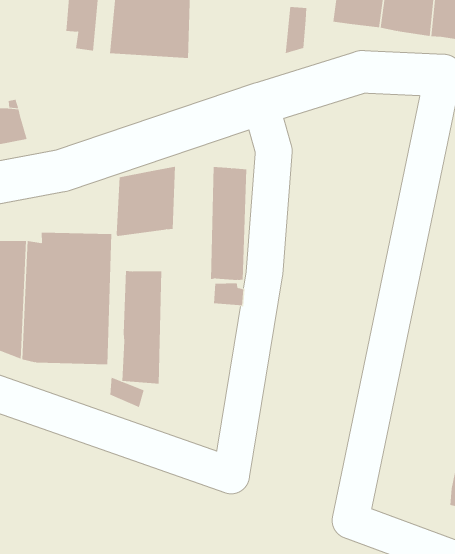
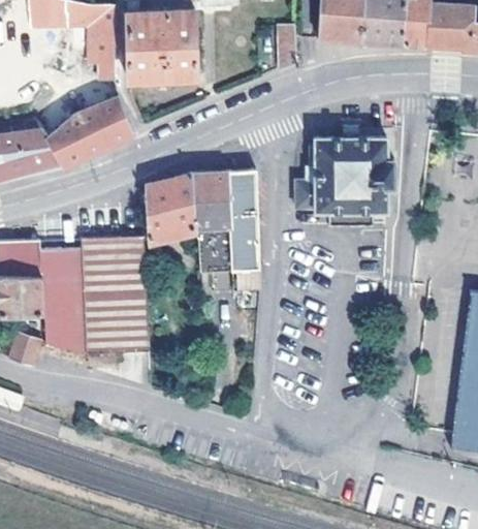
building: none -> [56,97,134,165]
building: none -> [295,137,395,226]
building: [122,271,162,384] -> [193,170,230,269]

